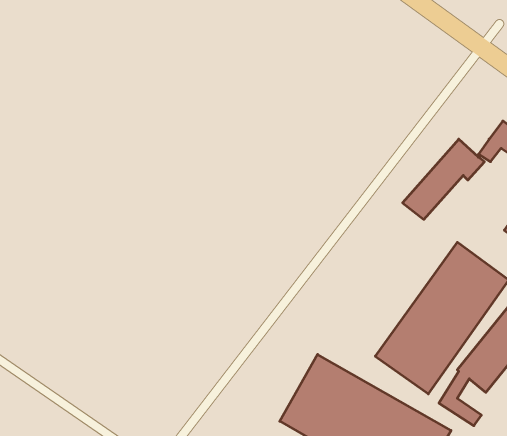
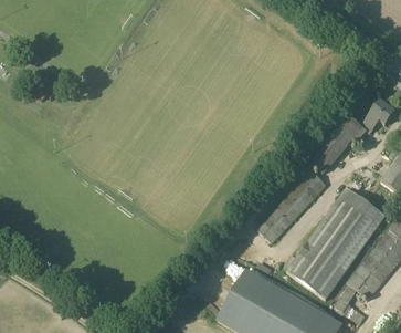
building: none -> [256,169,326,241]

